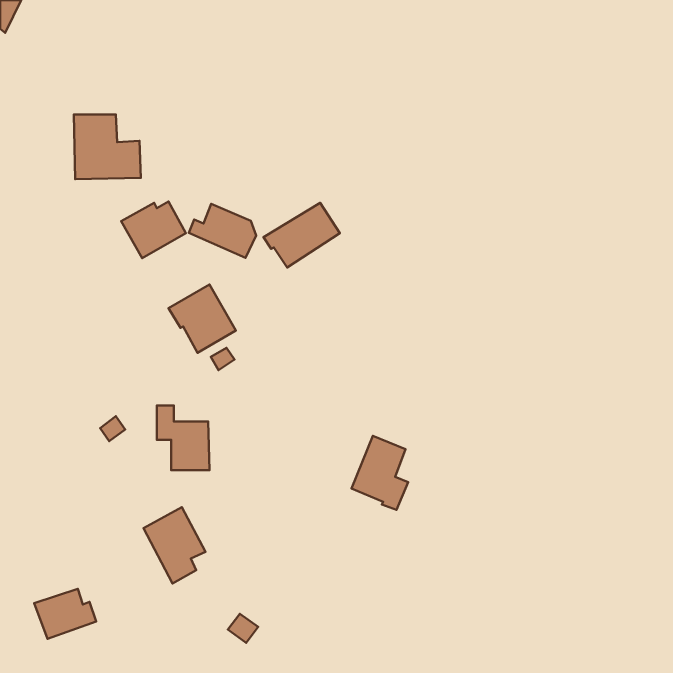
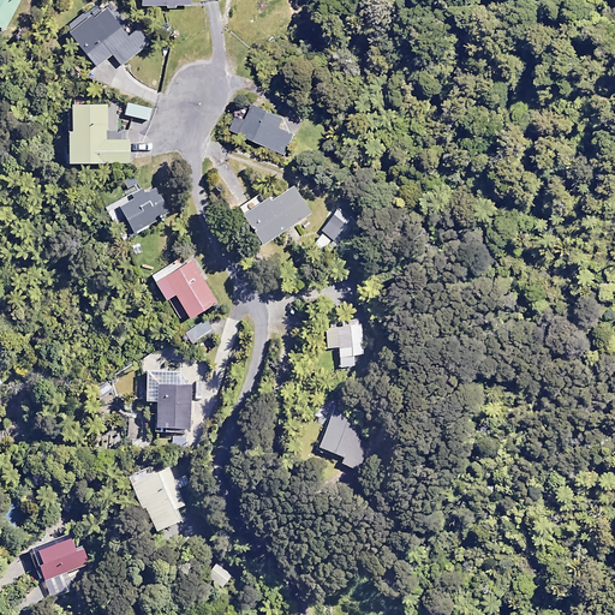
building: none -> [70,7,150,67]
building: [189,204,256,258] -> [232,105,293,154]
building: none -> [323,207,358,244]
building: none -> [326,322,369,366]

